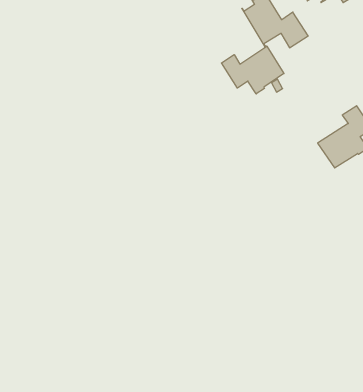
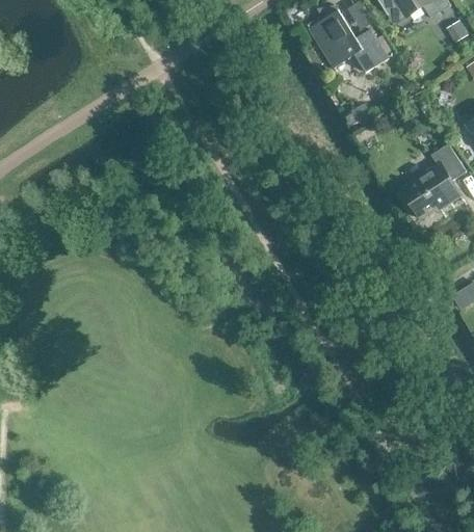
building: [221,46,284,94] -> none

